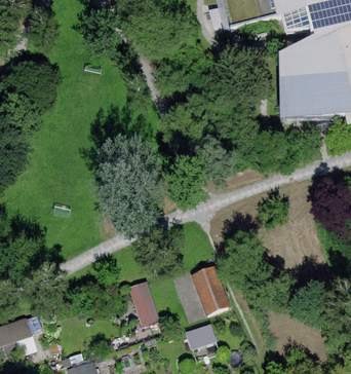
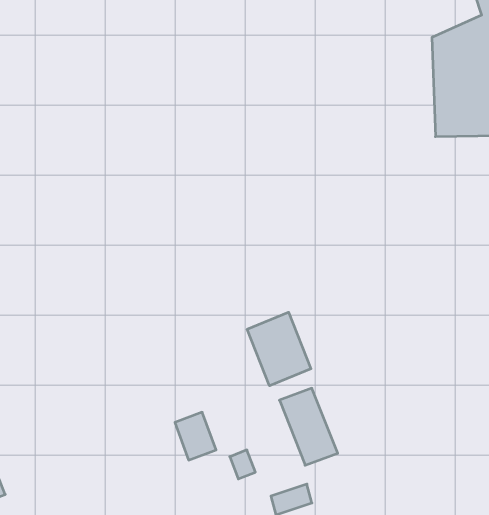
building: none -> [247,312,311,386]

